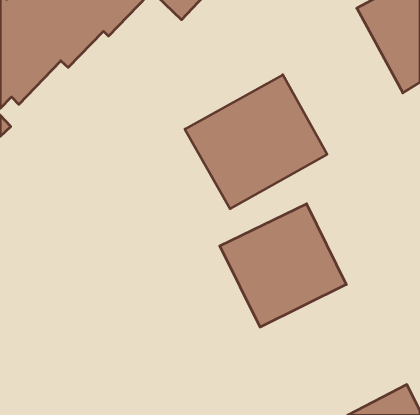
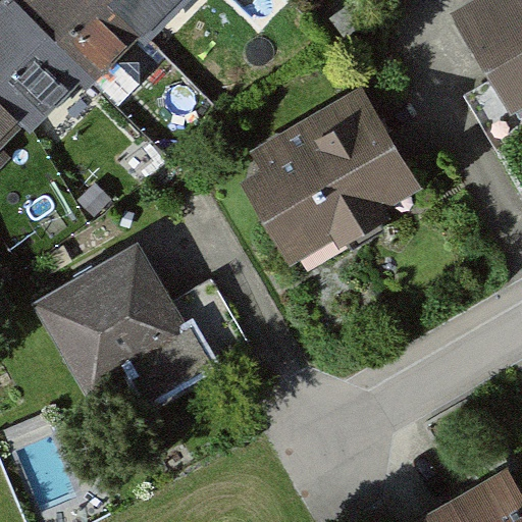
building: none -> [42,248,261,425]
building: [220,204,346,327] -> none

